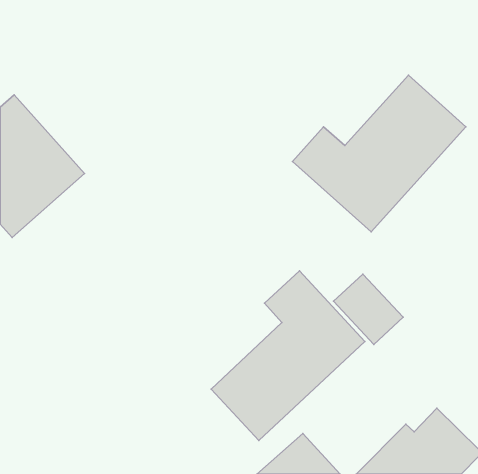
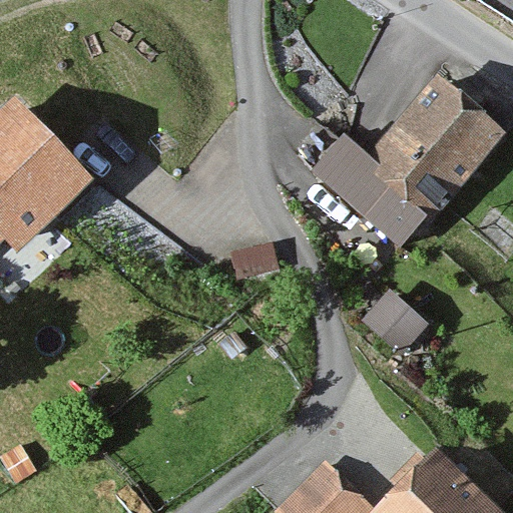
building: [211,271,365,441] -> none

